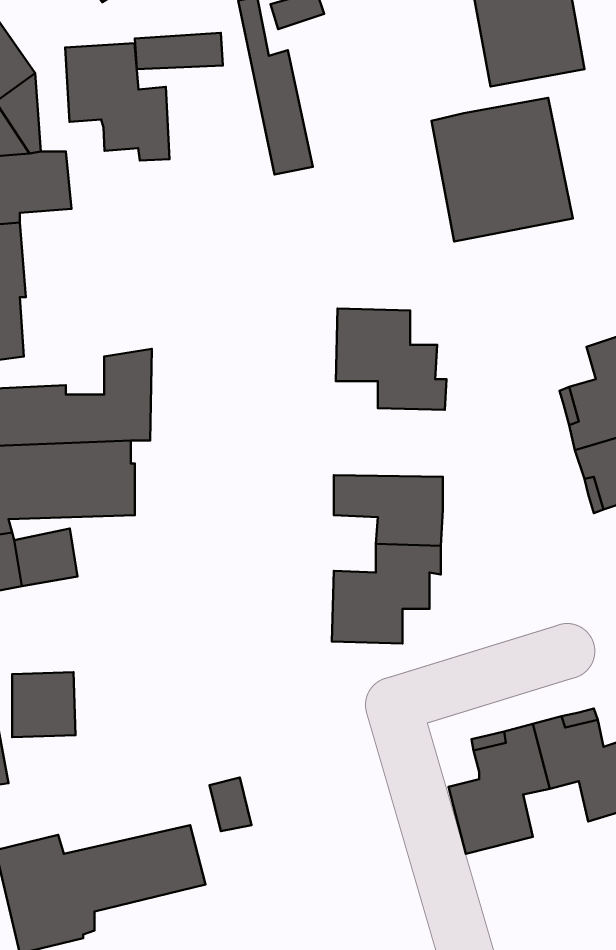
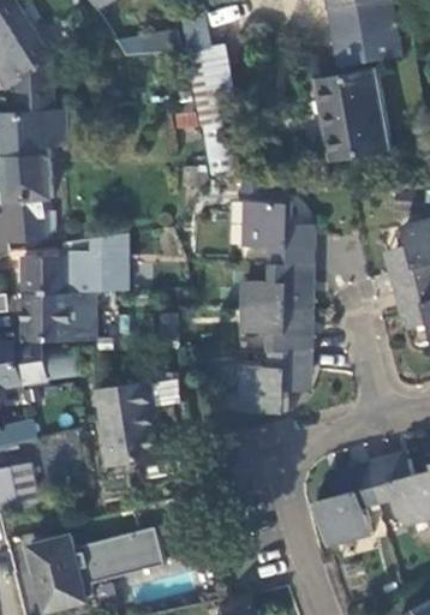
building: [65,43,170,161] -> none
building: none -> [241,267,311,310]
building: none -> [90,372,175,462]

